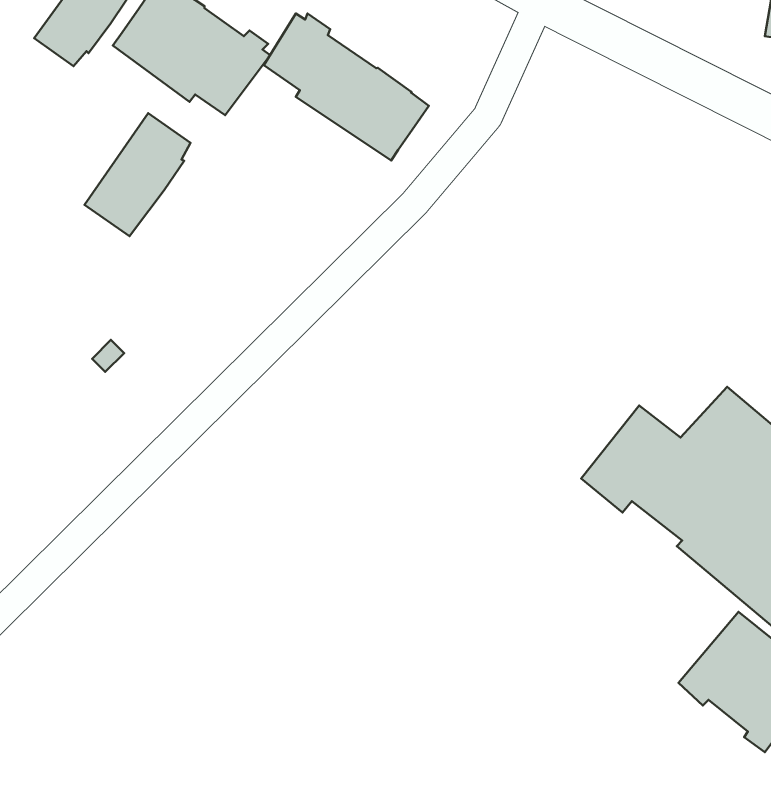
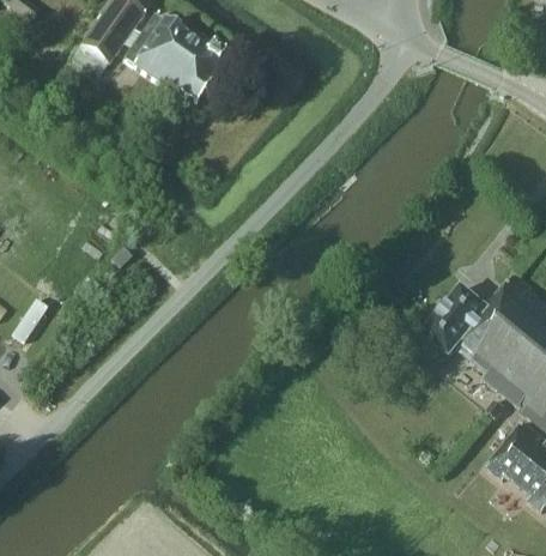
building: [264,13,429,161] -> none
building: [84,113,191,236] -> none

